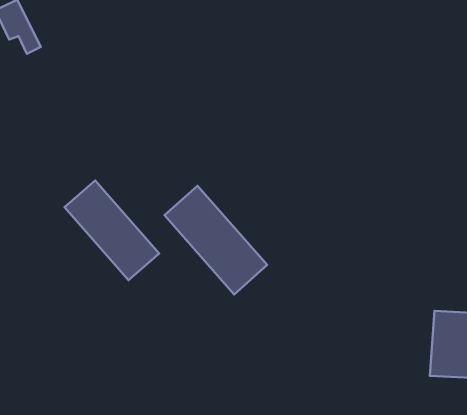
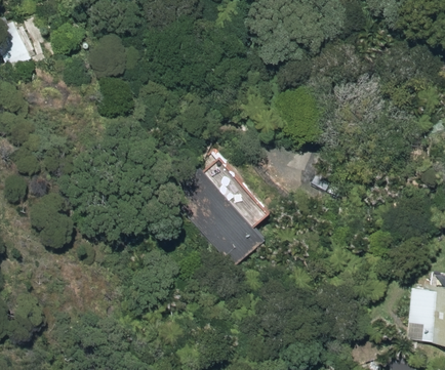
building: [64,181,159,280] -> none

